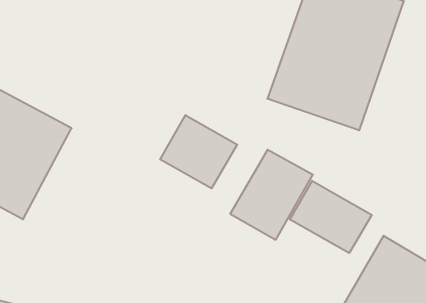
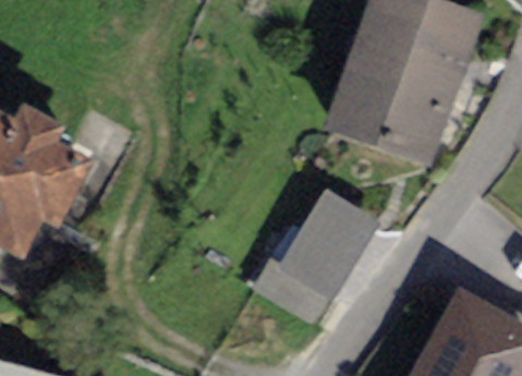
building: [160,115,237,188] -> none
building: [290,181,372,253] -> none

